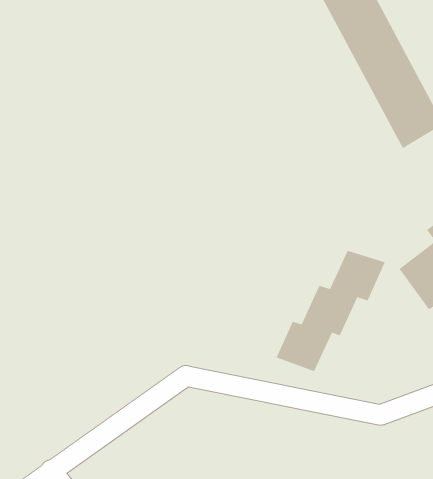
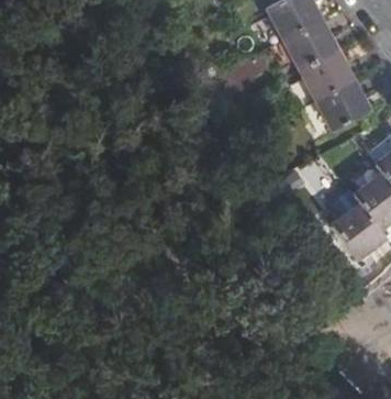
building: [276,250,386,372] -> none

